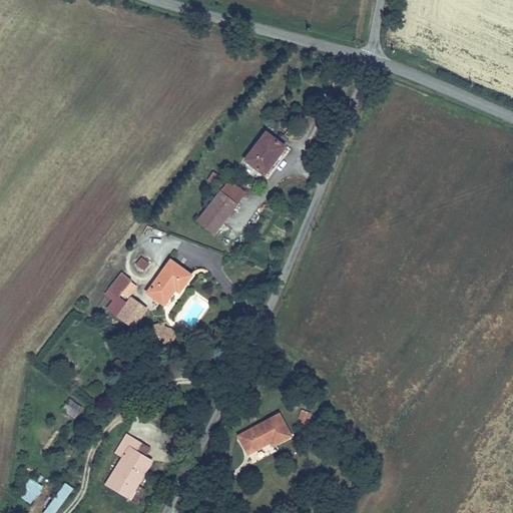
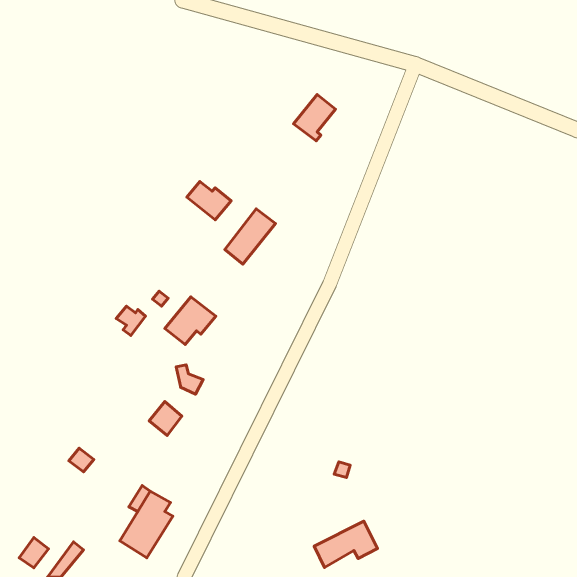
building: [244,137,282,178] -> [294,94,335,141]
building: none -> [187,182,231,220]
building: [117,299,146,329] -> [149,402,182,436]
building: [236,411,293,452] -> [314,521,378,568]

